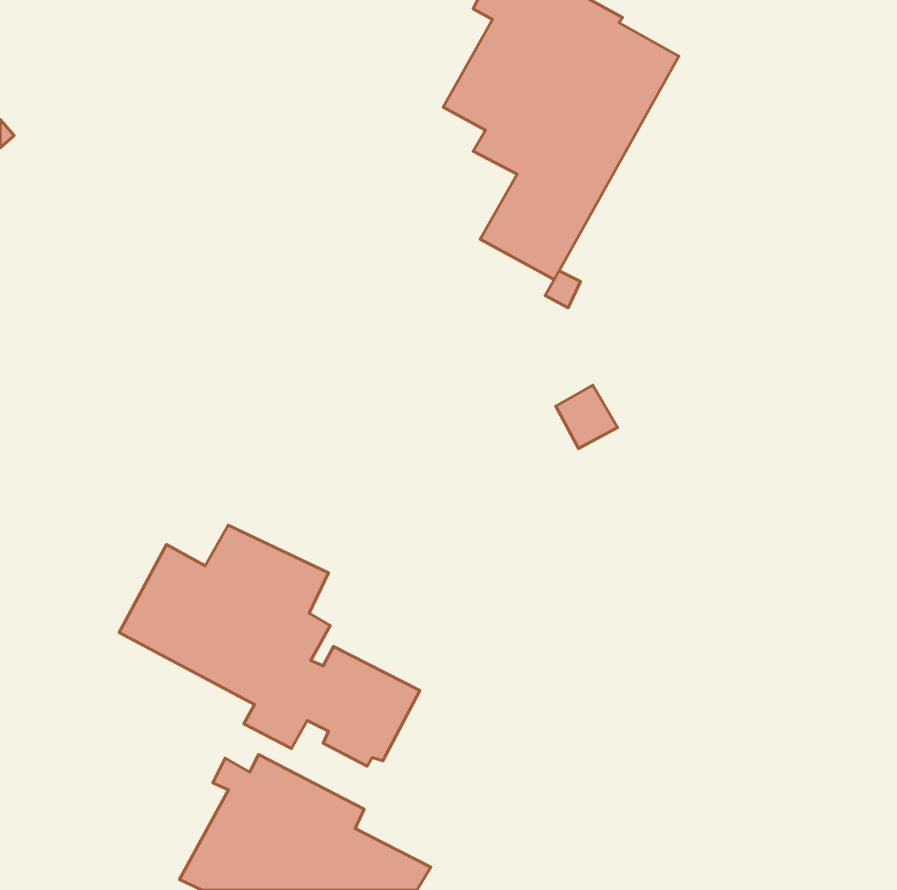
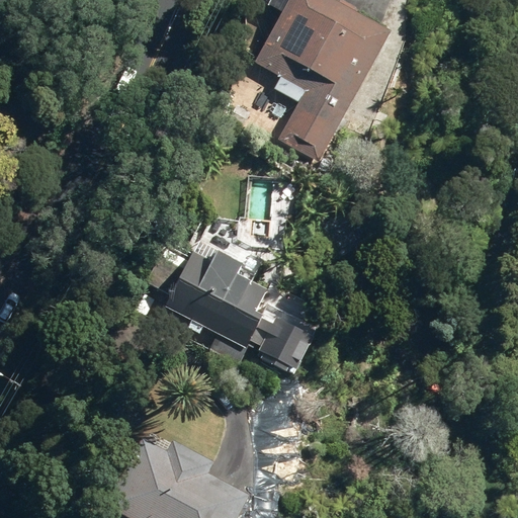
building: [119,525,420,766] -> [141,232,314,370]

